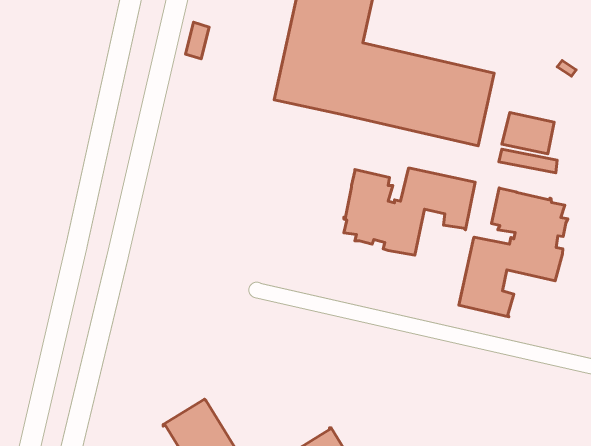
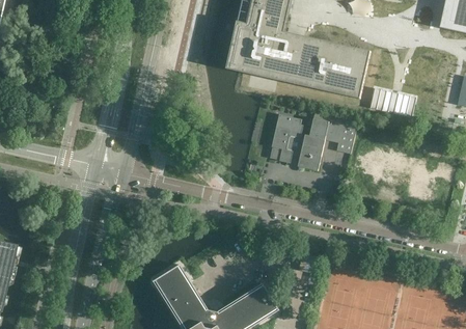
building: [459,188,568,317] -> none

